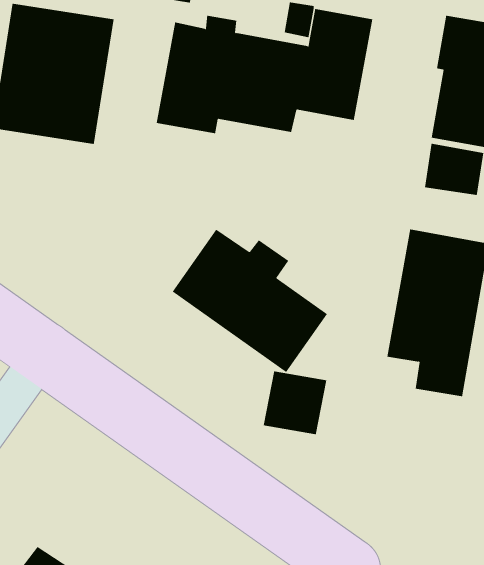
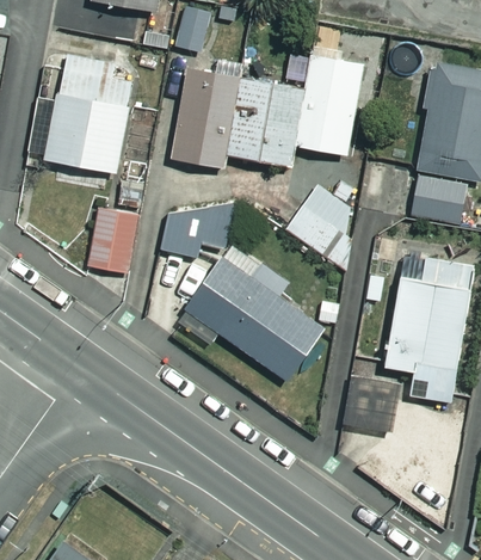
building: none -> [285,179,356,269]
building: none -> [87,208,143,275]
building: none -> [159,211,226,257]
building: [263,371,327,435] -> [341,374,399,431]

